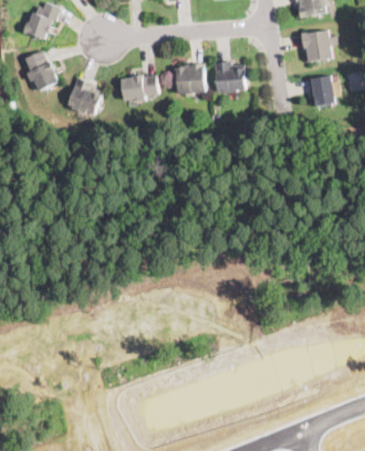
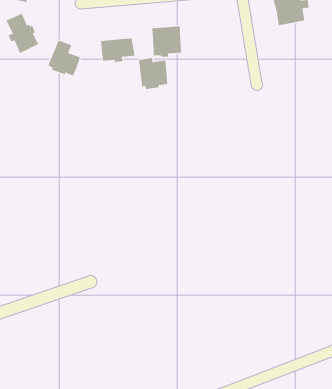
building: [215,61,246,94] -> [138,58,168,90]
building: [306,75,336,107] -> none

